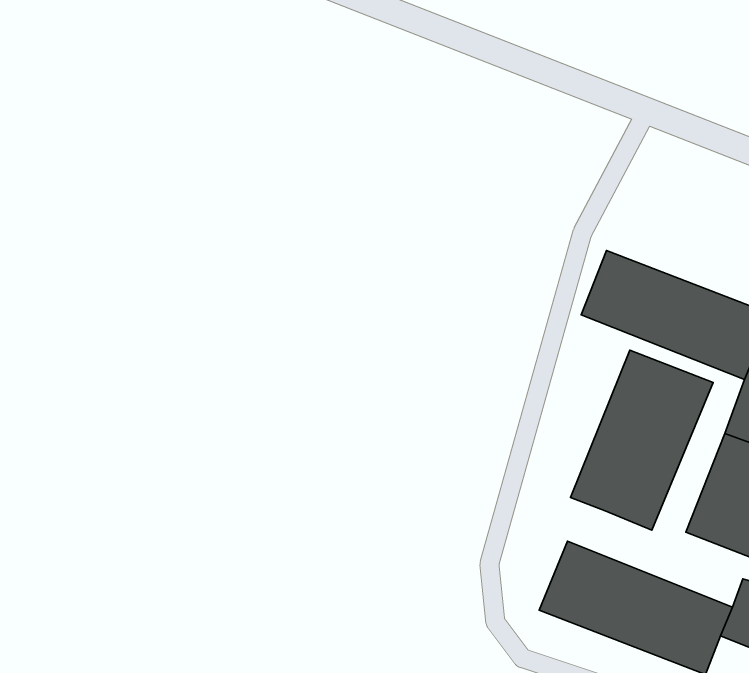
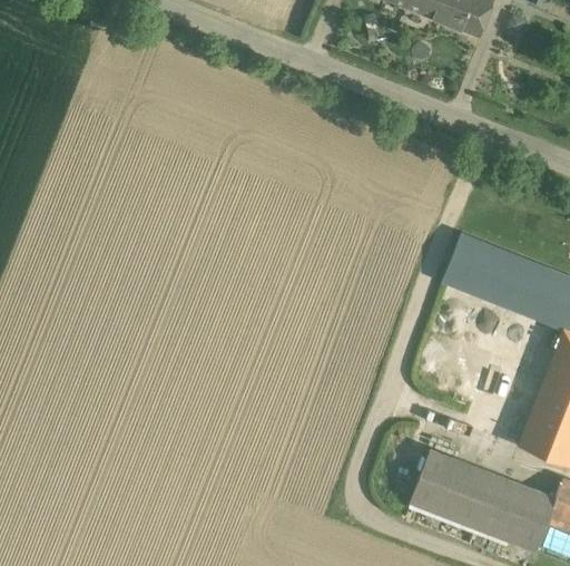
building: [571,350,713,530] -> none

